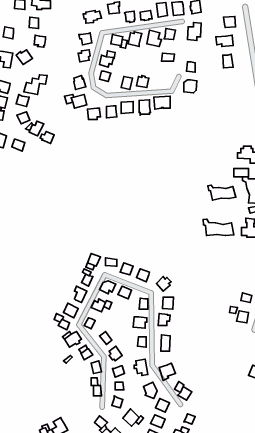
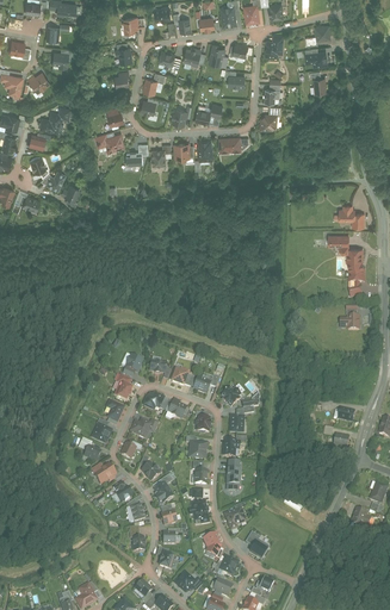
building: [208,185,236,200] -> none
building: [203,219,234,235] -> none

